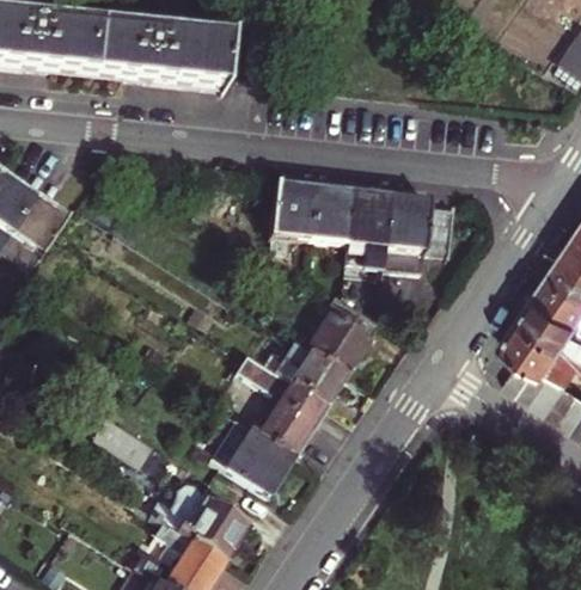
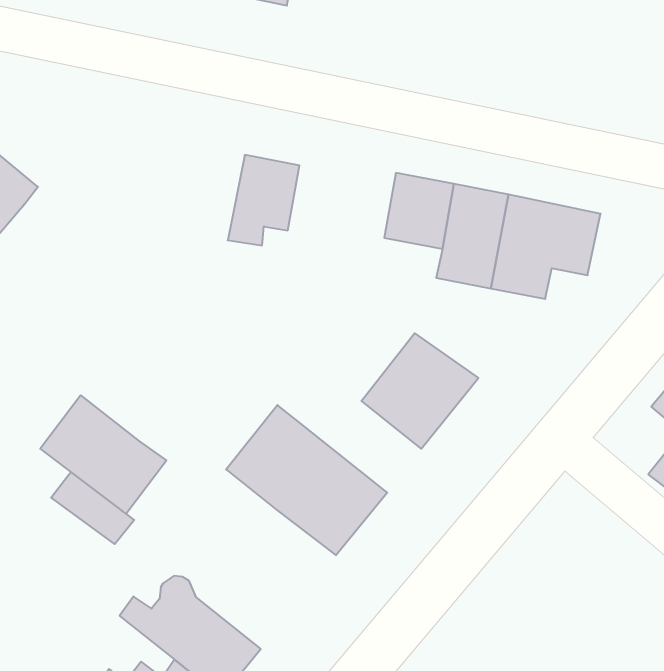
building: [265,190,310,251] -> [228,155,299,245]
building: [264,345,345,413] -> none
building: none -> [40,395,166,514]
building: [225,432,294,500] -> none

